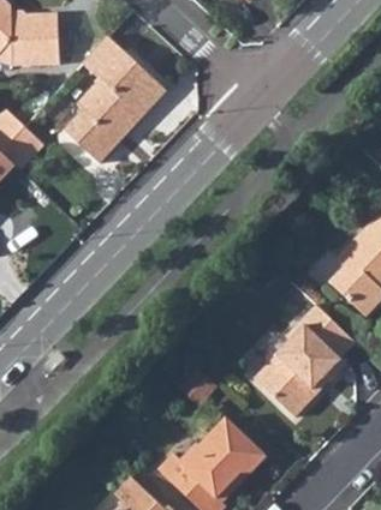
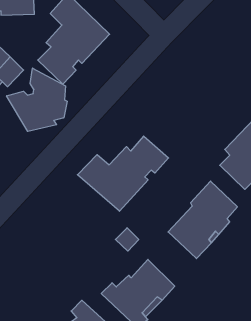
building: none -> [7,68,67,131]
building: none -> [77,136,169,211]

